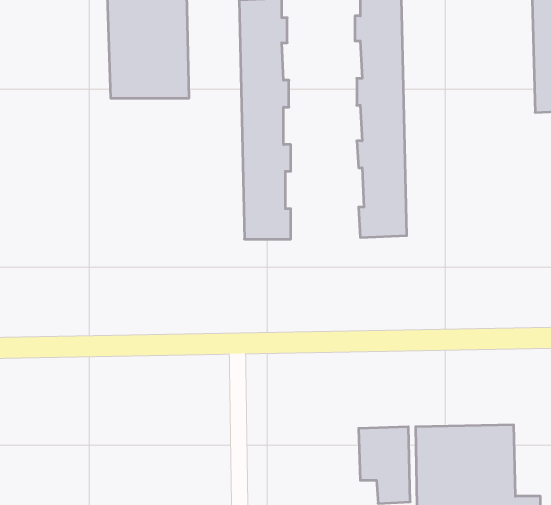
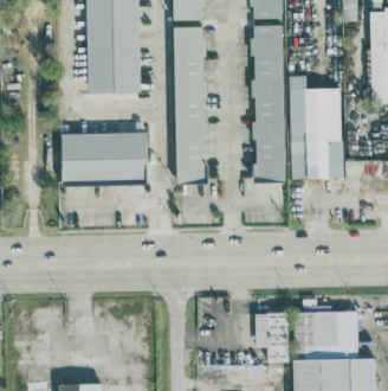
building: none -> [289,73,343,178]
building: none -> [63,133,148,187]

